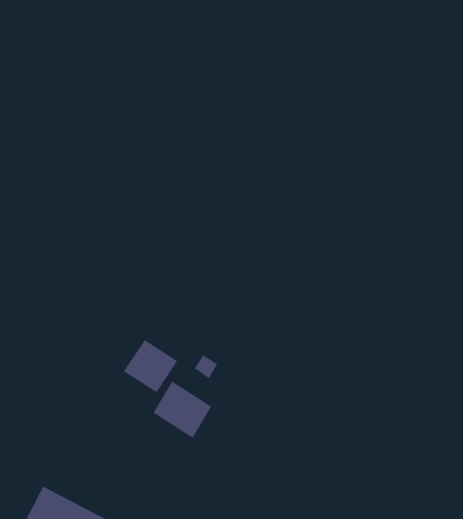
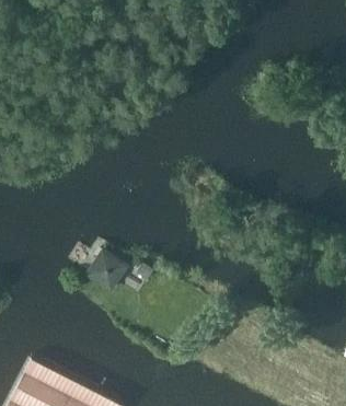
building: [152,381,212,439] -> none

